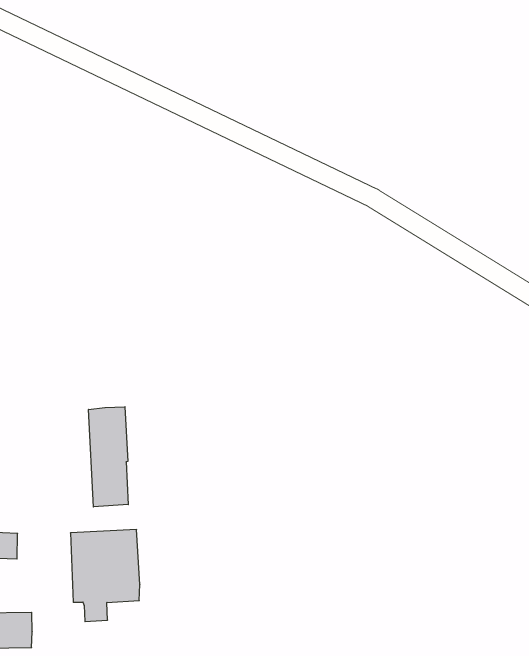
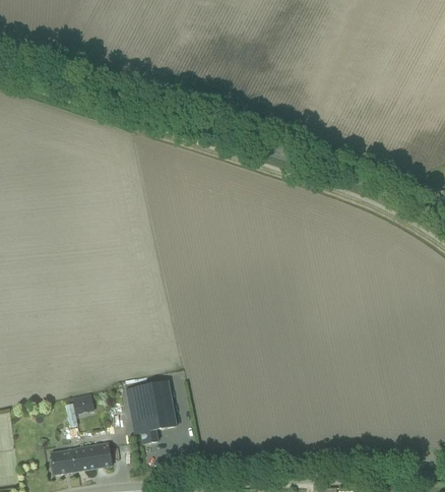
building: [89,407,128,507] -> none

